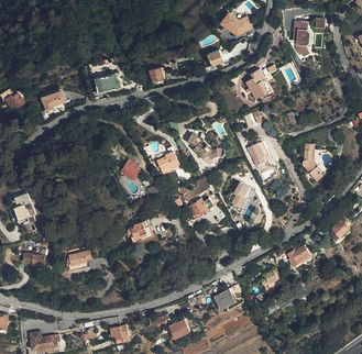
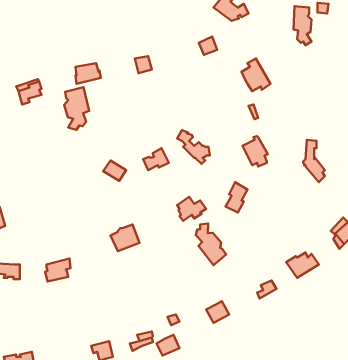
building: none -> [64,87,89,130]
building: none -> [196,224,226,265]

